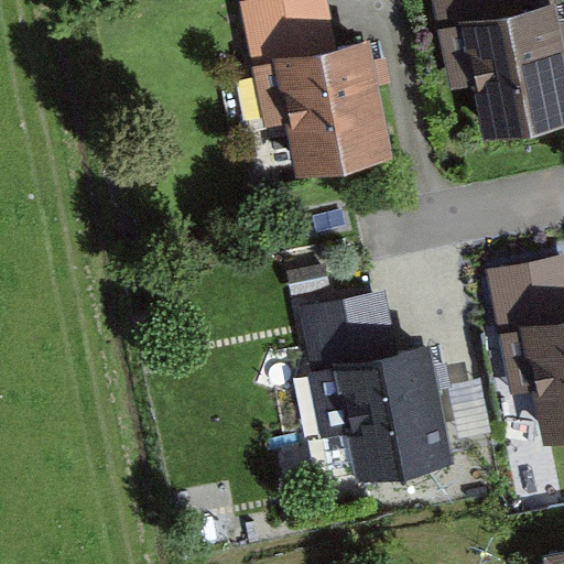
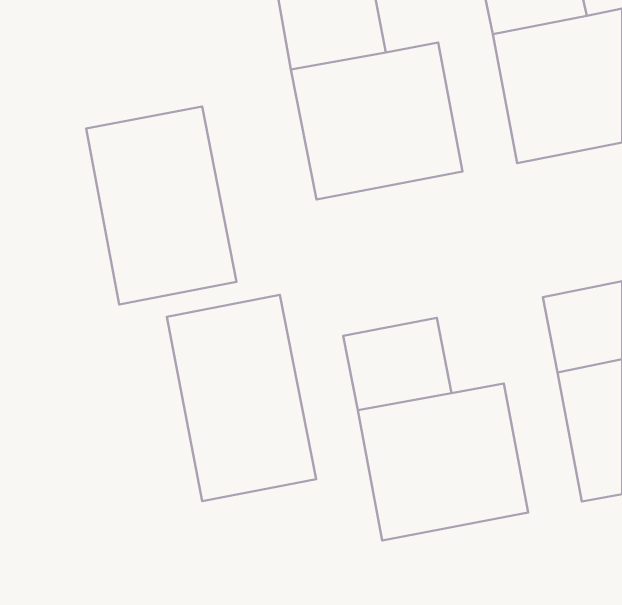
building: none -> [86,107,236,304]
building: none -> [167,295,316,501]

